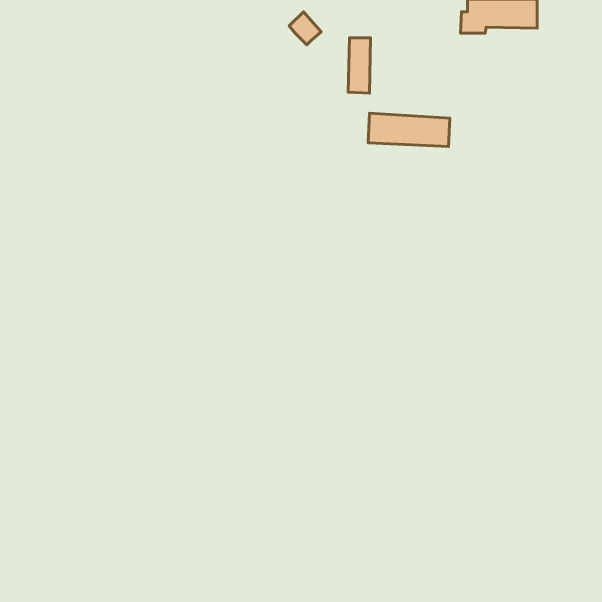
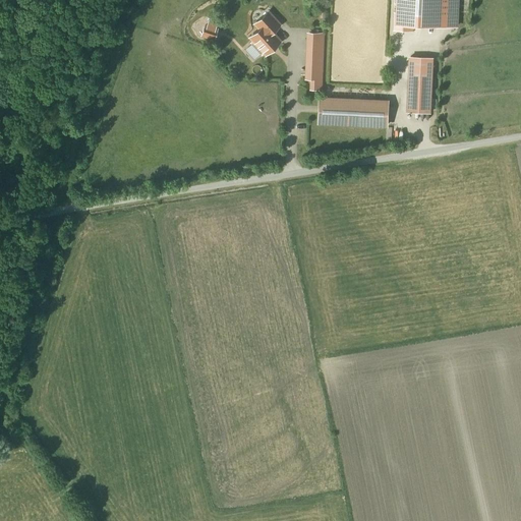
building: none -> [245,28,278,58]
building: none -> [411,54,440,111]

